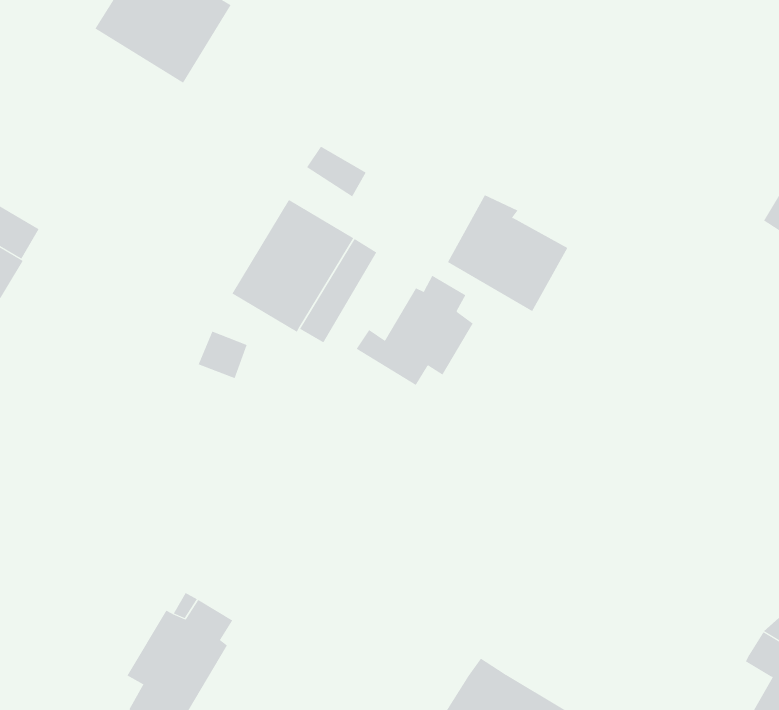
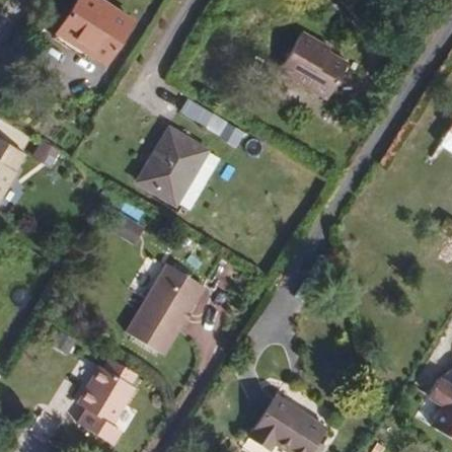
building: [447,195,568,312] -> [279,29,348,96]
building: [356,275,474,386] -> none
building: none -> [127,261,205,351]

